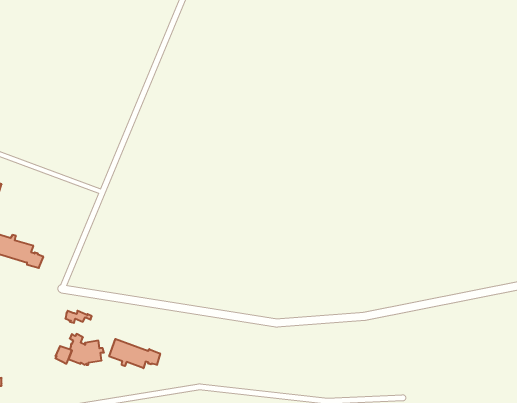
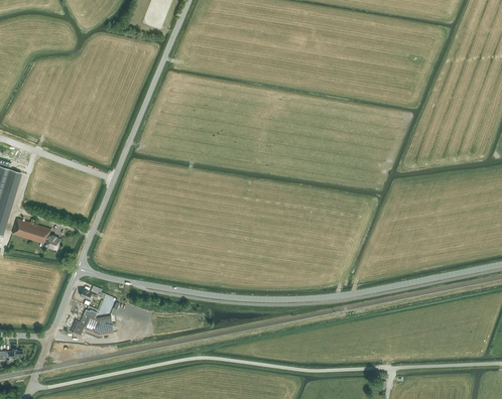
building: [109,339,160,368] -> none

